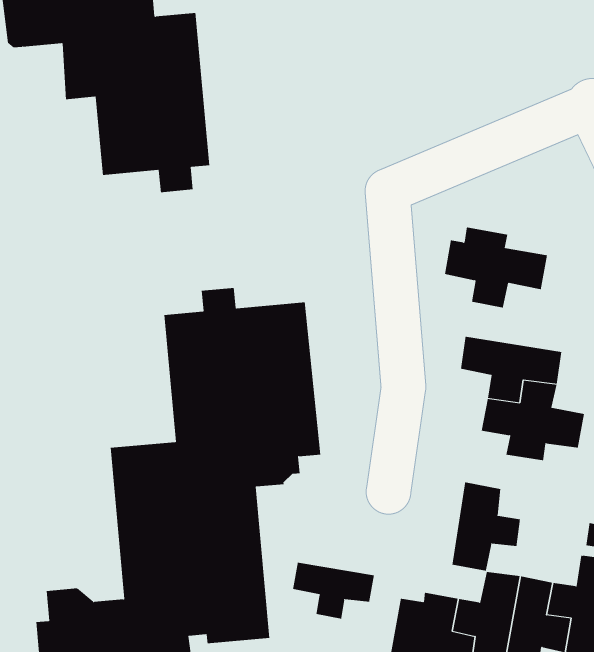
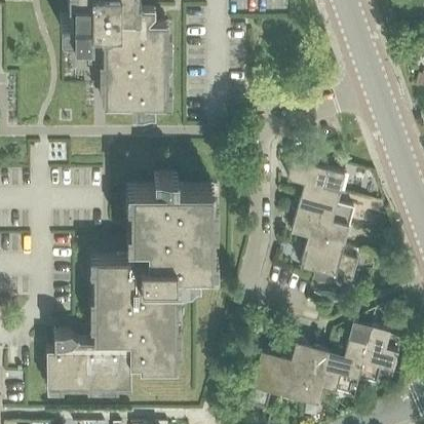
building: none -> [296,188,353,228]
building: [452,481,521,571] -> none
building: [292,562,375,619] -> none

